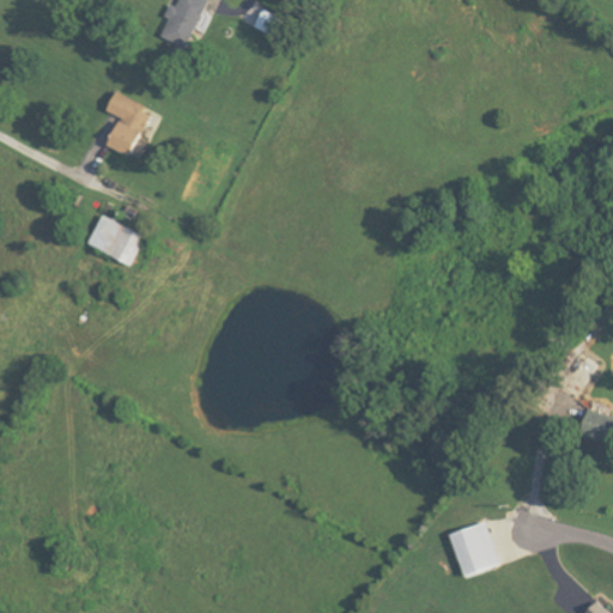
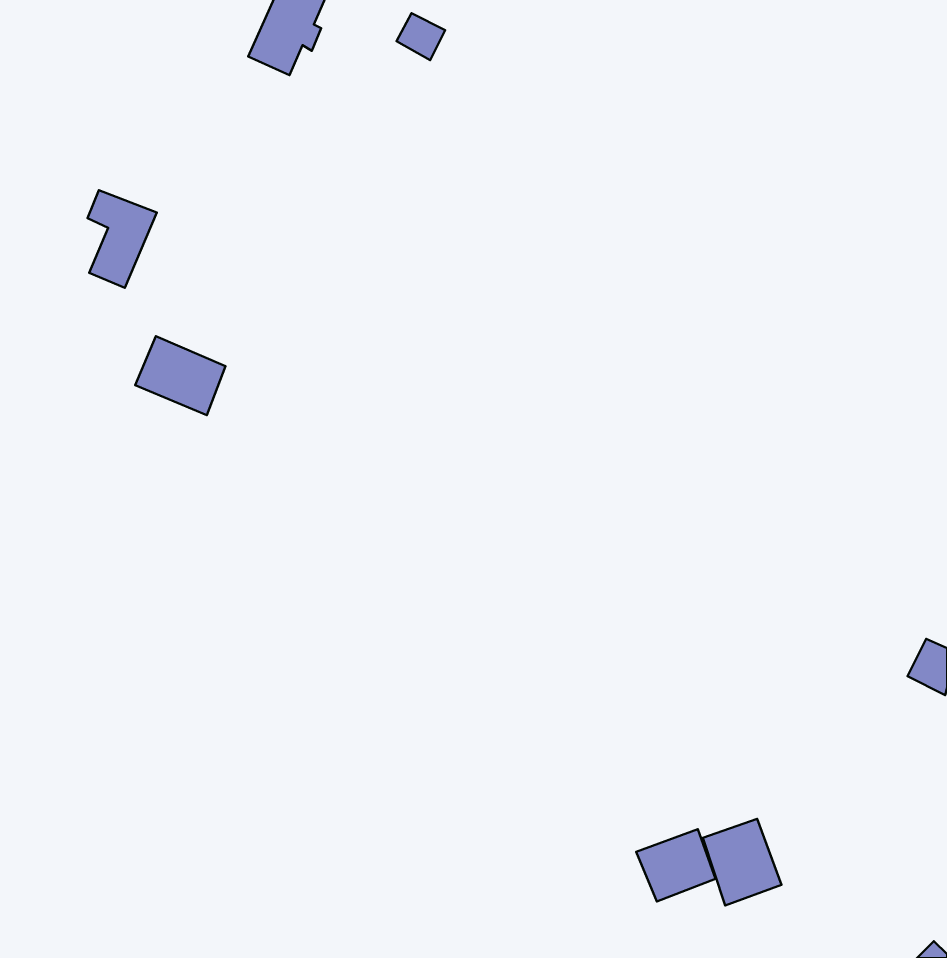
building: [105,93,150,156] -> [87,190,157,288]
building: none -> [636,829,716,901]

